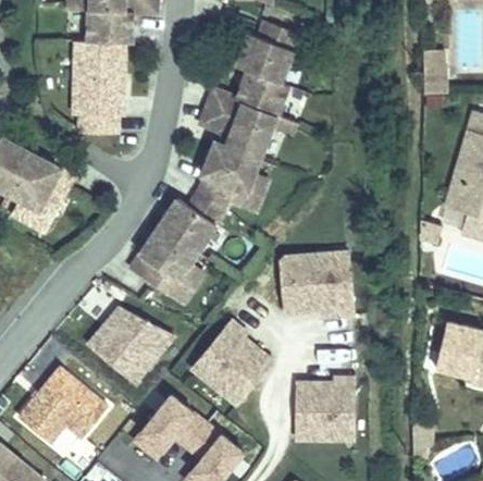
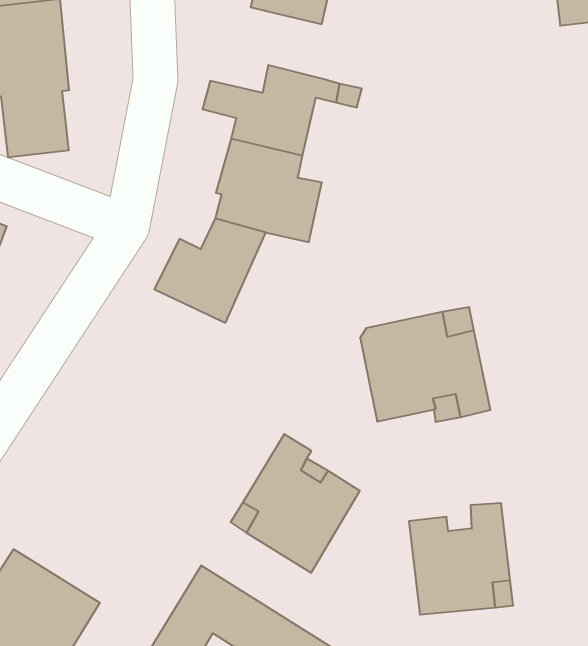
building: [208,64,285,113] -> none
building: [132,223,207,303] -> none
building: [87,305,173,381] -> none

